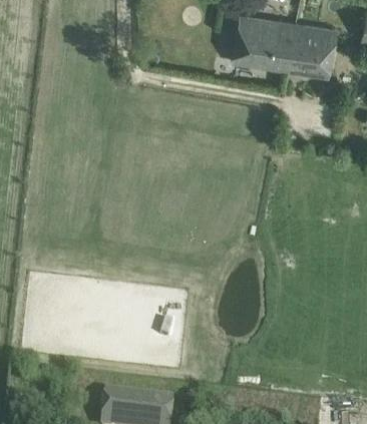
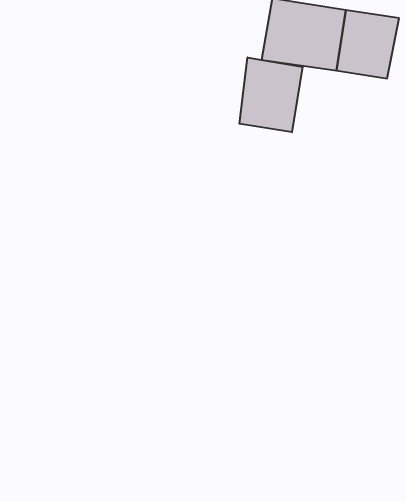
building: none -> [239,57,303,132]

